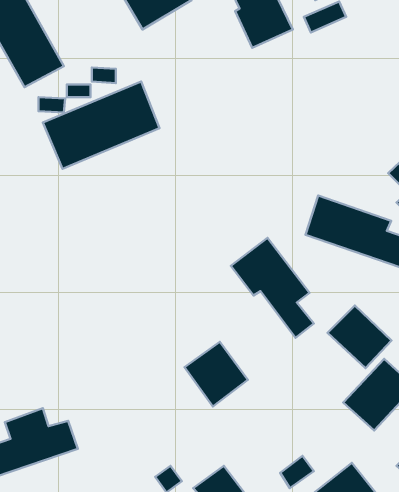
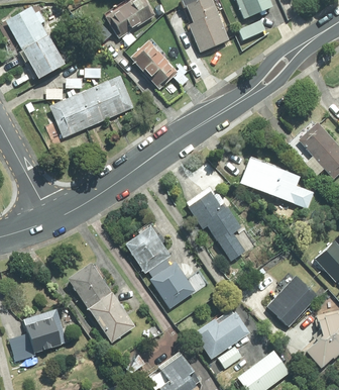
building: none -> [130,39,189,83]
building: none -> [124,224,172,272]
building: [328,306,391,368] -> none
building: none -> [67,262,135,344]
building: none -> [195,311,250,359]

